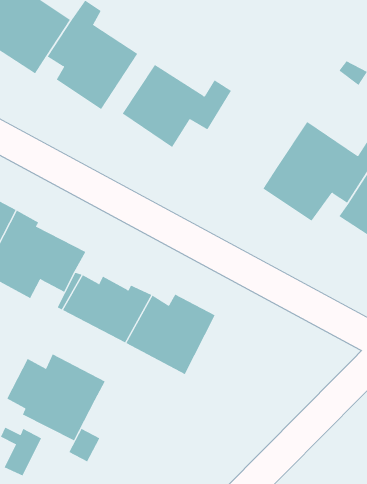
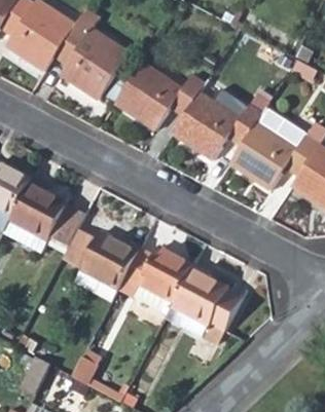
building: none -> [173,80,267,159]
building: none -> [164,265,242,339]
building: [7,354,105,441] -> none

